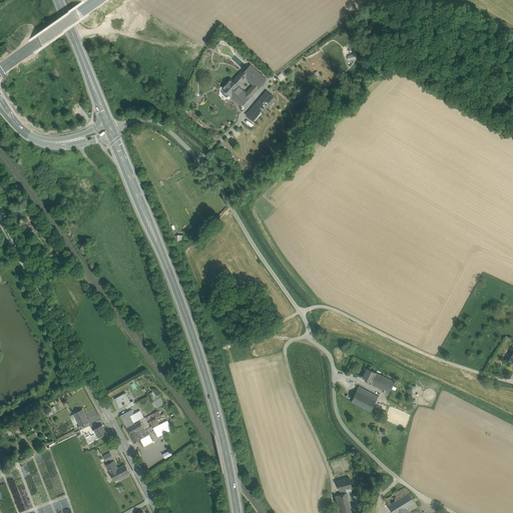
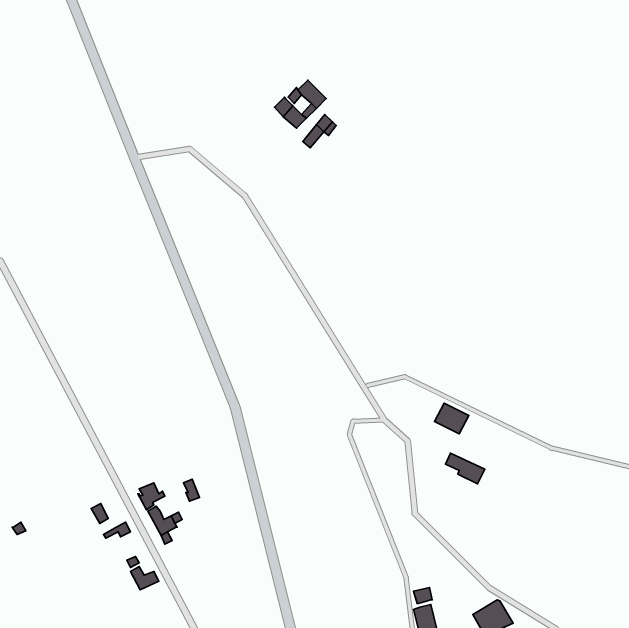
building: [351,388,379,413] -> [434,403,469,434]

